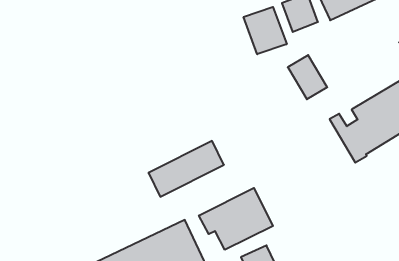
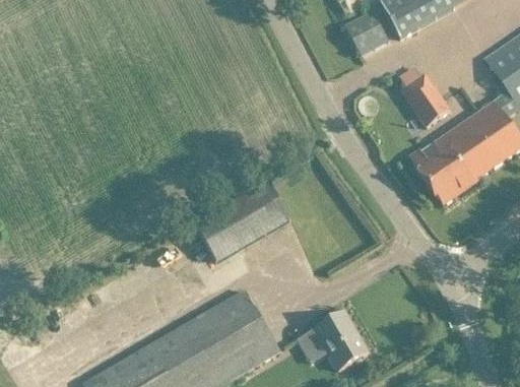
building: [244,7,287,54] -> none
building: [288,55,327,99] -> [401,74,450,127]
building: [199,188,273,250] -> none

